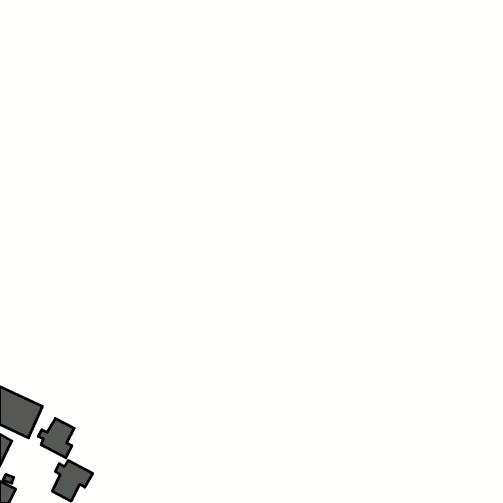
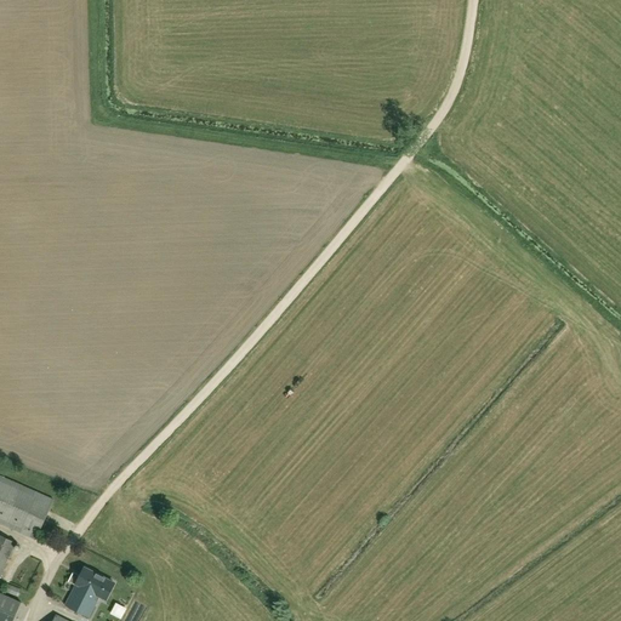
building: [38,418,74,458] -> none

